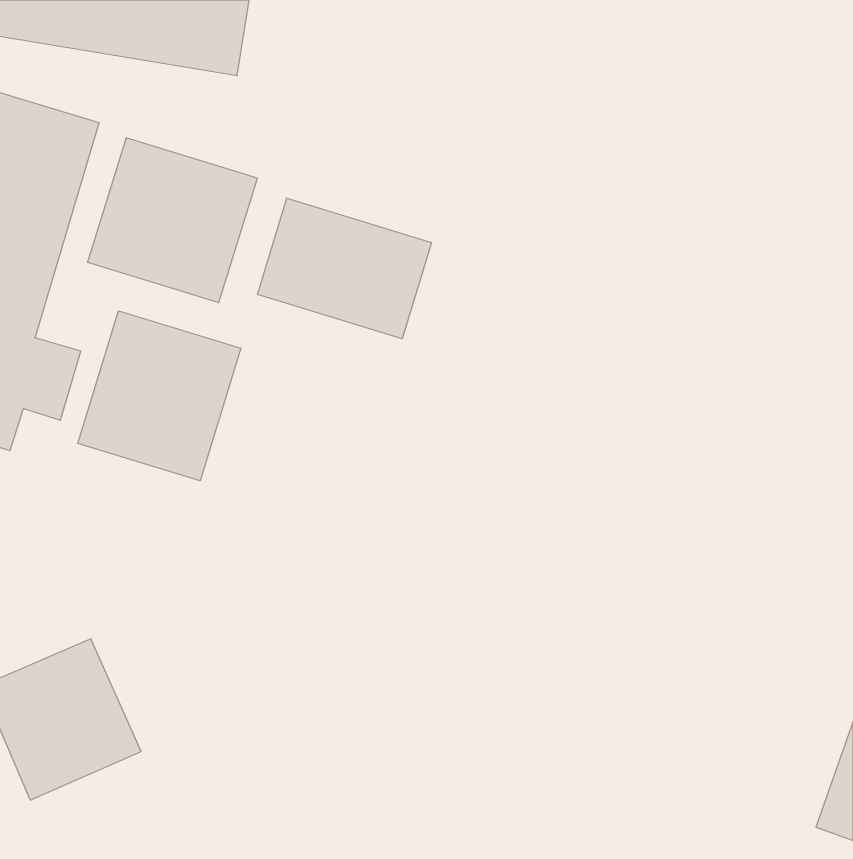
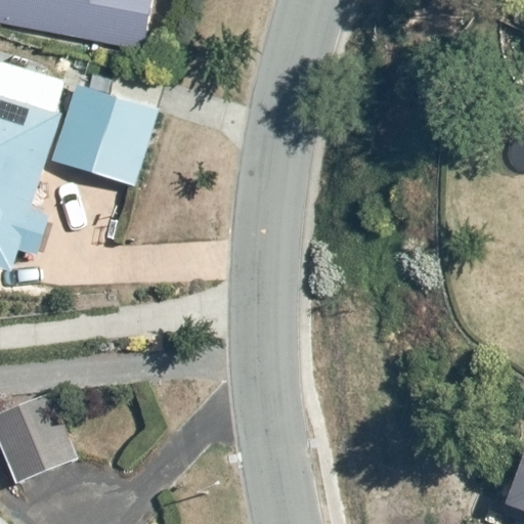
building: [257,198,431,339] -> none
building: [78,311,241,481] -> none

